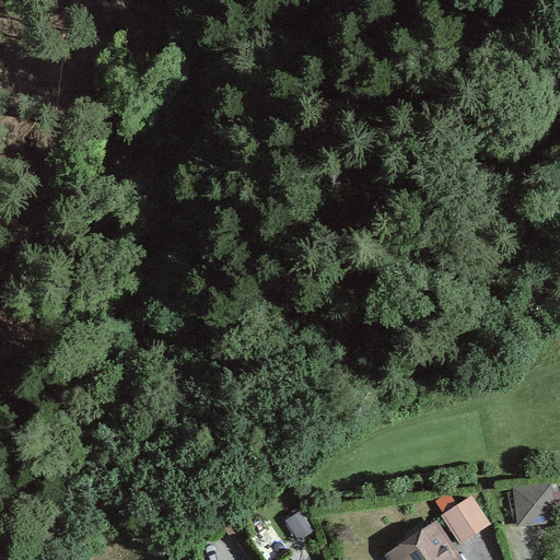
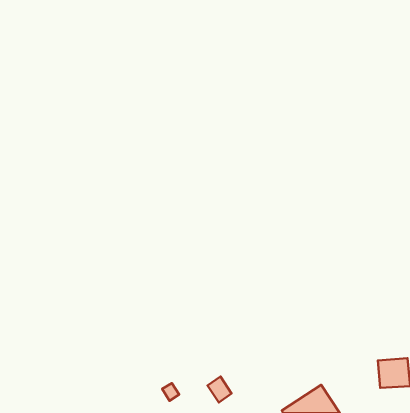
building: [442,497,492,546] -> none

